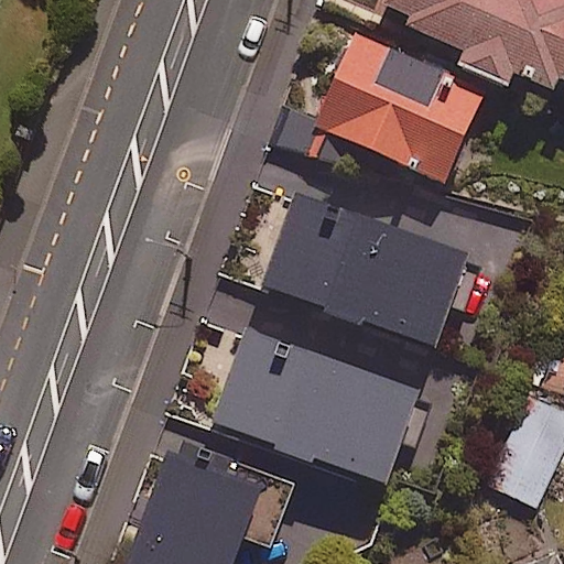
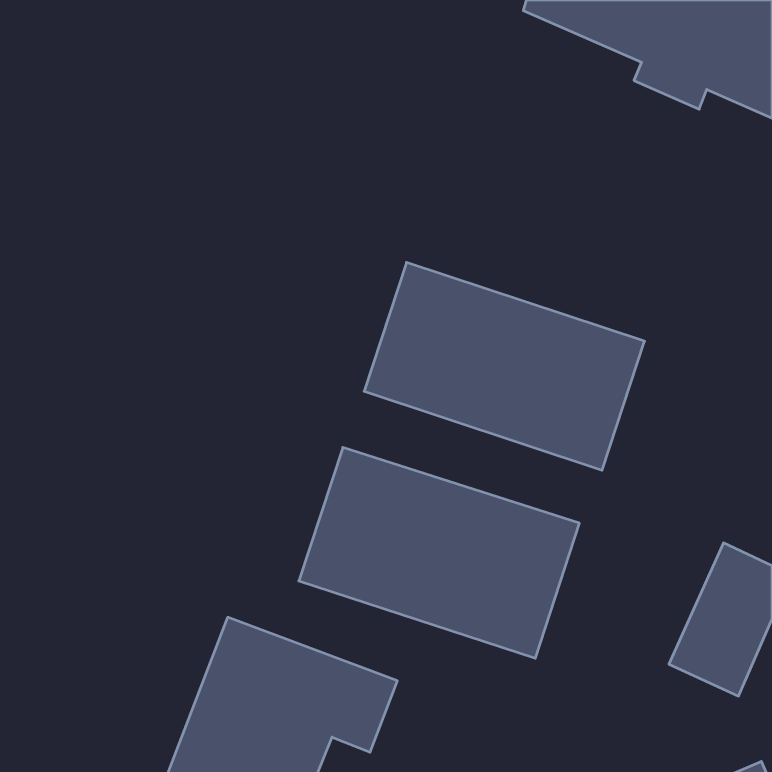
building: [314,31,485,181] -> none

